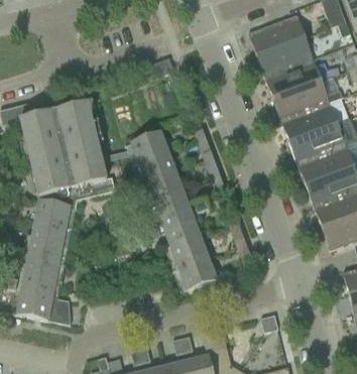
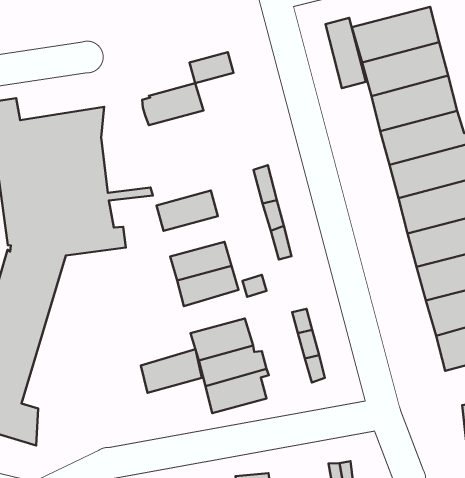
building: none -> [325,18,366,88]
building: [126,130,166,160] -> [142,83,203,125]
building: [138,163,178,193] -> none
building: [156,210,197,241] -> [141,349,202,393]

